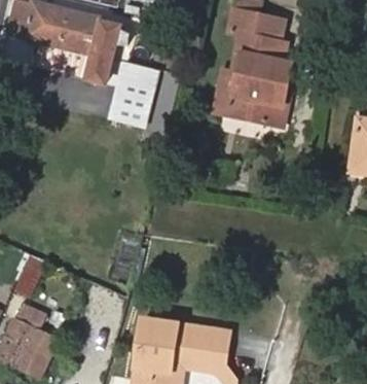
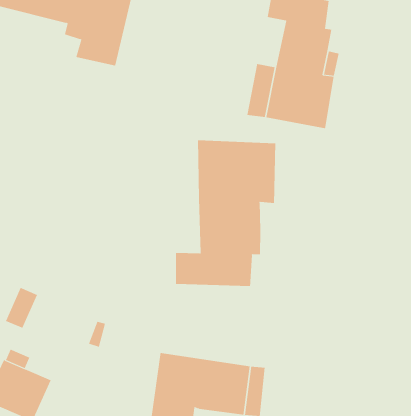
building: [116,61,159,119] -> none
building: none -> [175,140,276,287]

